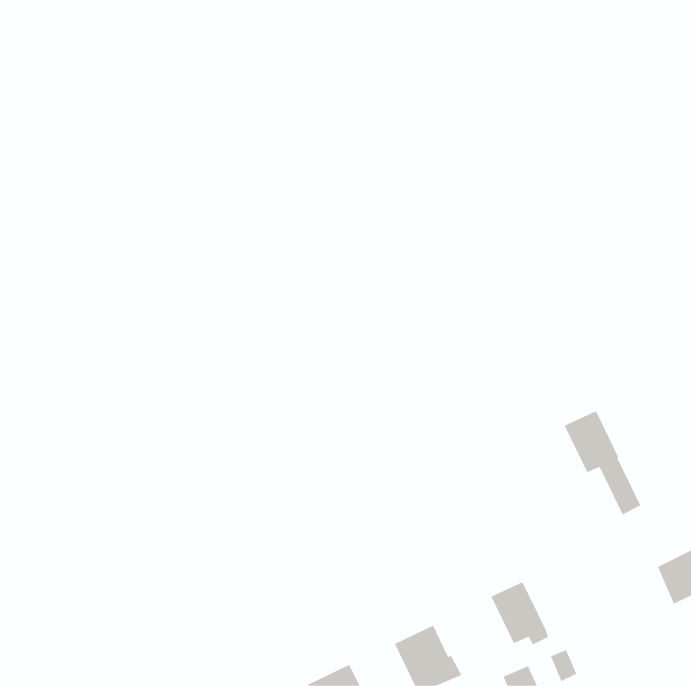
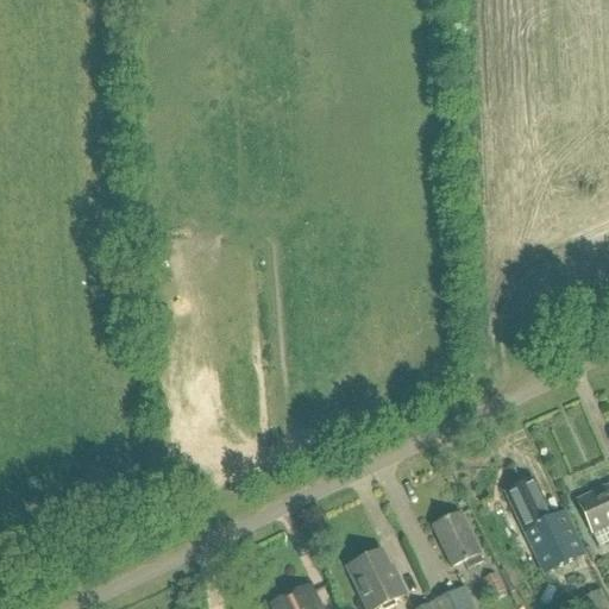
building: [564,411,641,515] -> [504,476,572,567]

